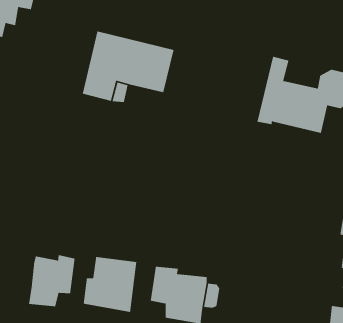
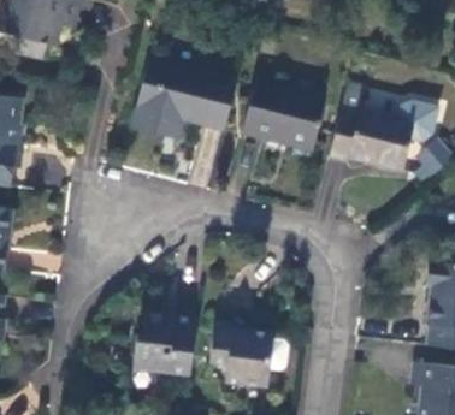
building: none -> [242,78,325,143]
building: [28,254,75,307] -> none

